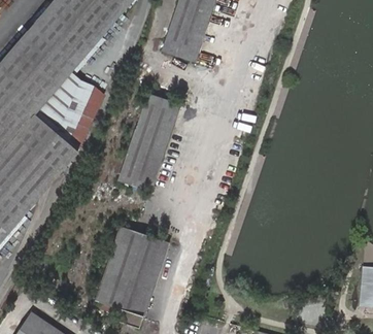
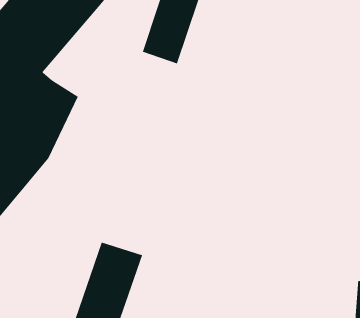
building: [123,96,173,191] -> none

